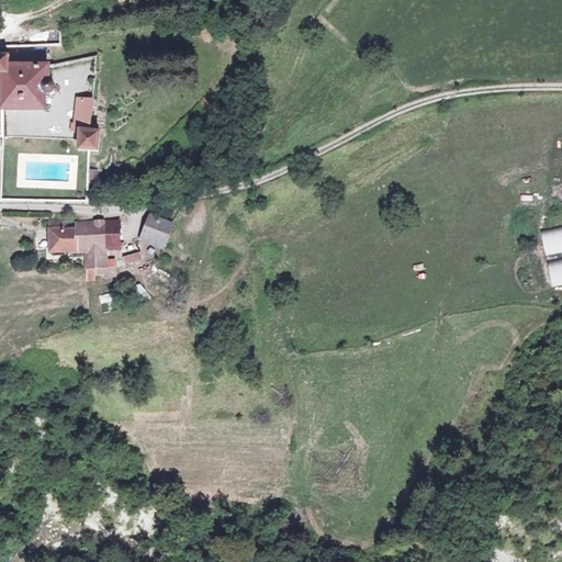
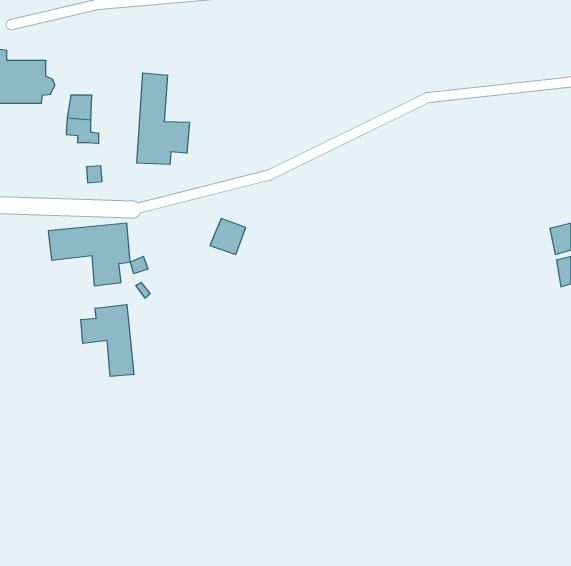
building: none -> [137,73,190,165]
building: [145,218,180,254] -> [210,219,246,254]
building: none -> [81,304,134,376]

